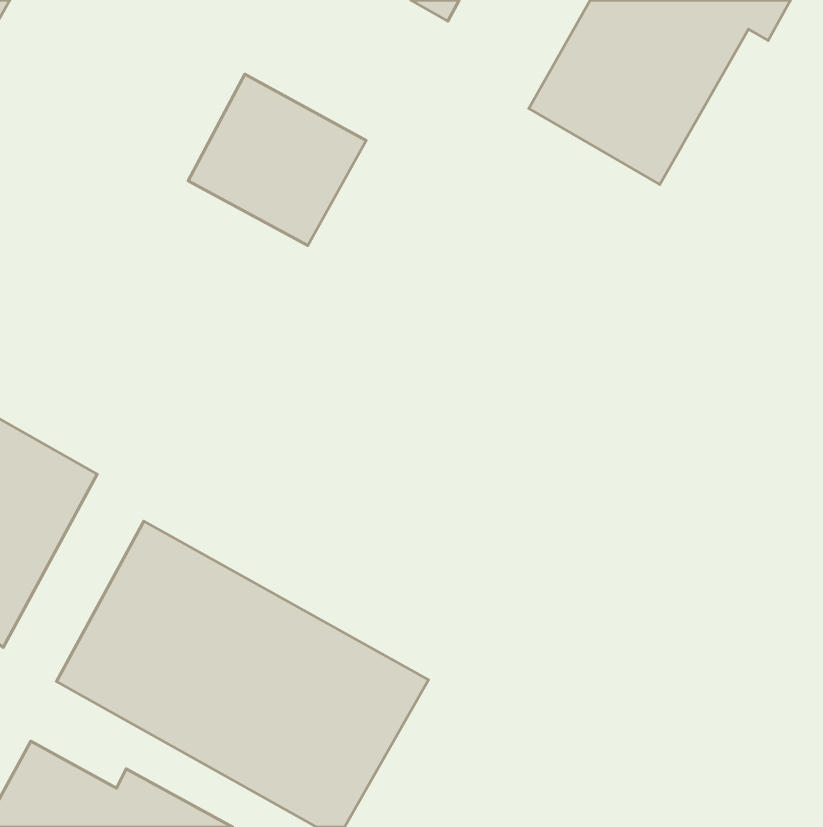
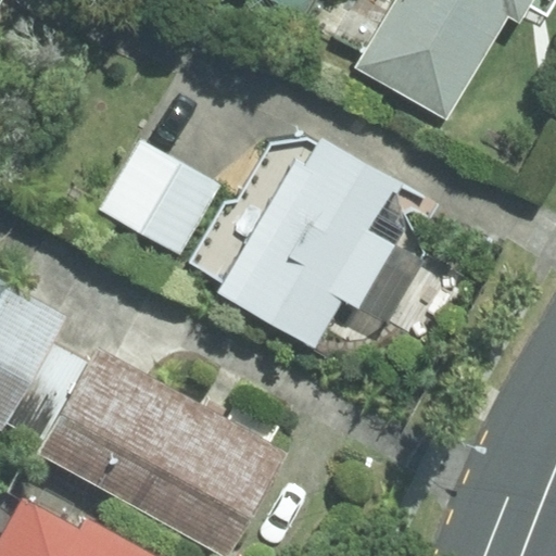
building: [188,74,366,246] -> [100,138,219,253]
building: none -> [217,137,404,346]

